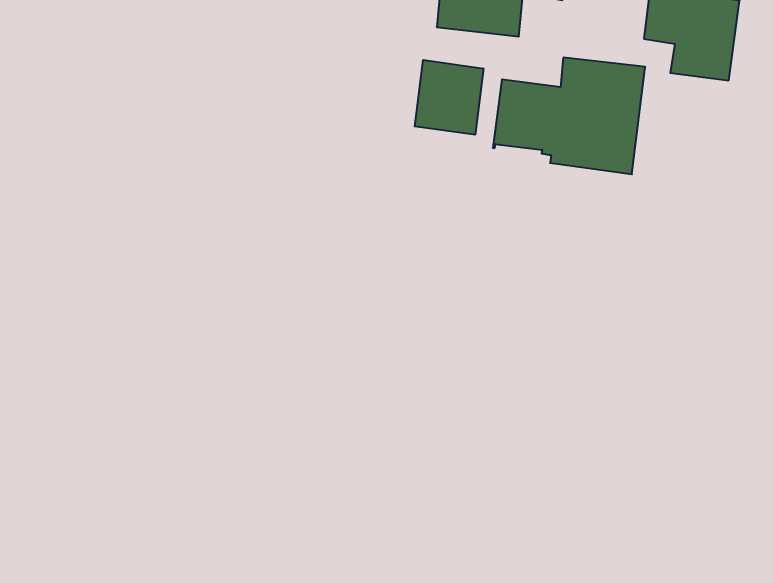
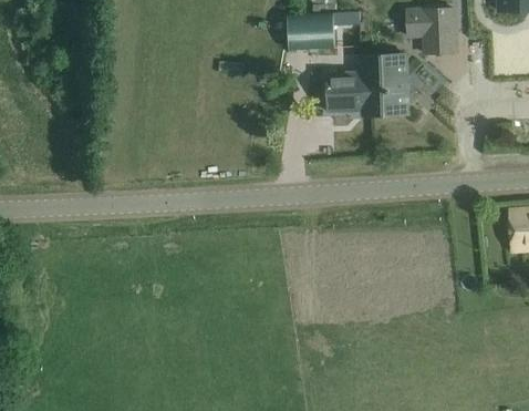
building: [415,60,483,135] -> none

